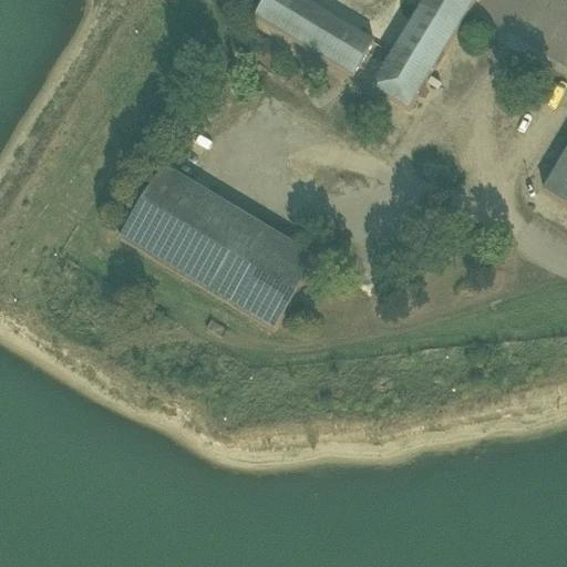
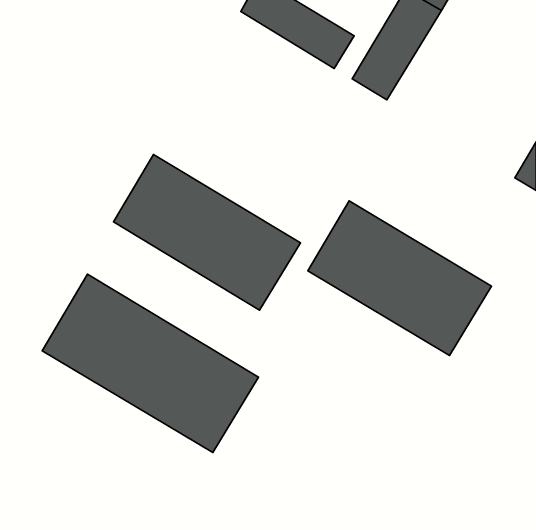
building: none -> [308,201,491,355]
building: none -> [42,274,259,452]

